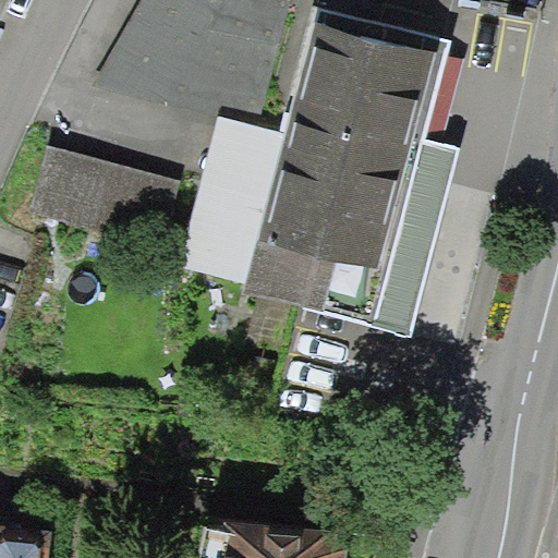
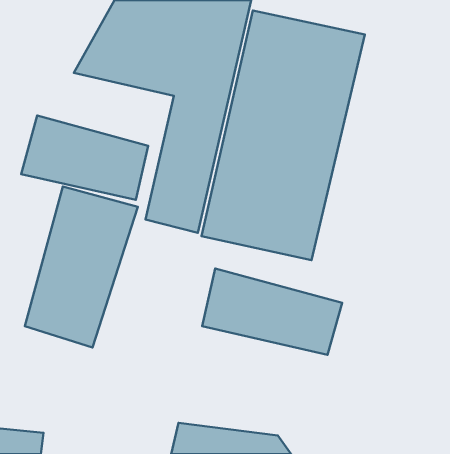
building: none -> [25,186,138,348]
building: none -> [202,269,342,355]

